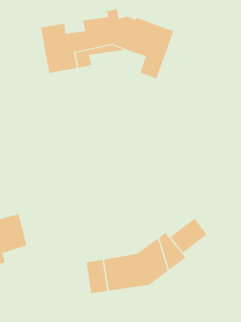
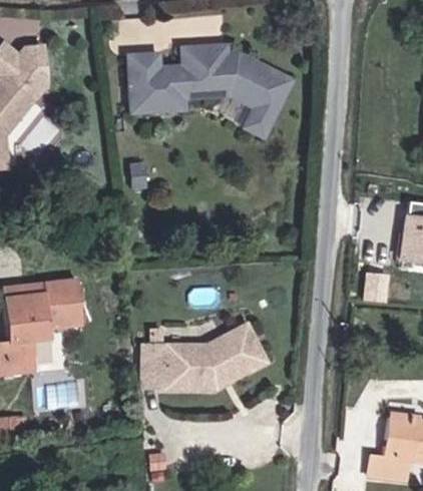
building: [170,218,207,253] -> none

